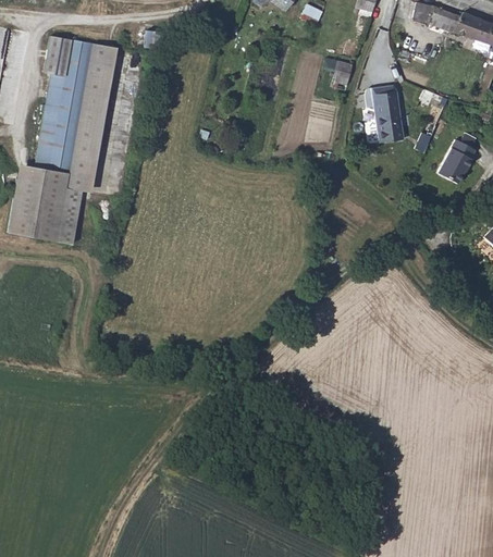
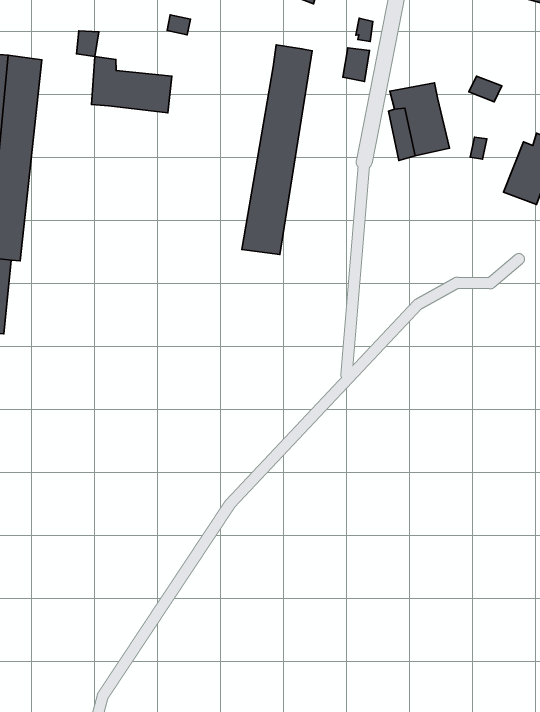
building: none -> [92,57,172,113]
building: none -> [242,45,312,255]

